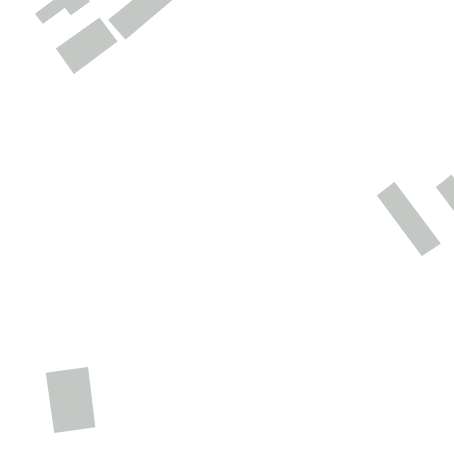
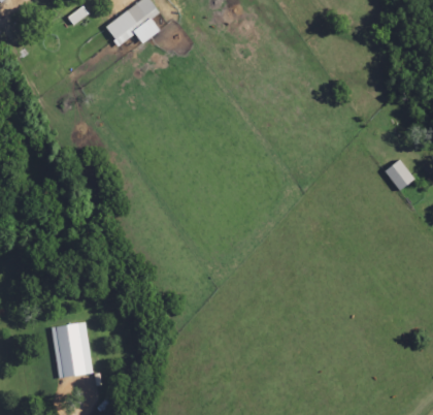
building: [55,16,119,75] -> none
building: [376,181,442,257] -> none

